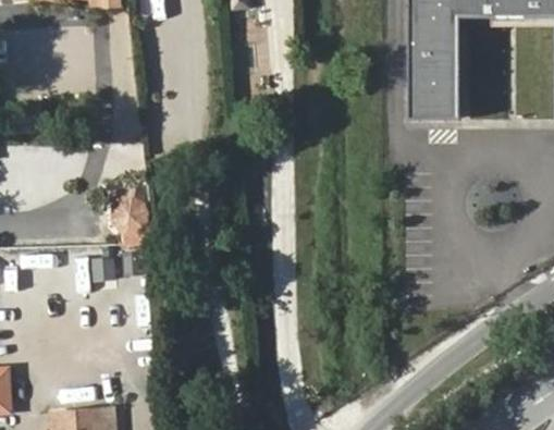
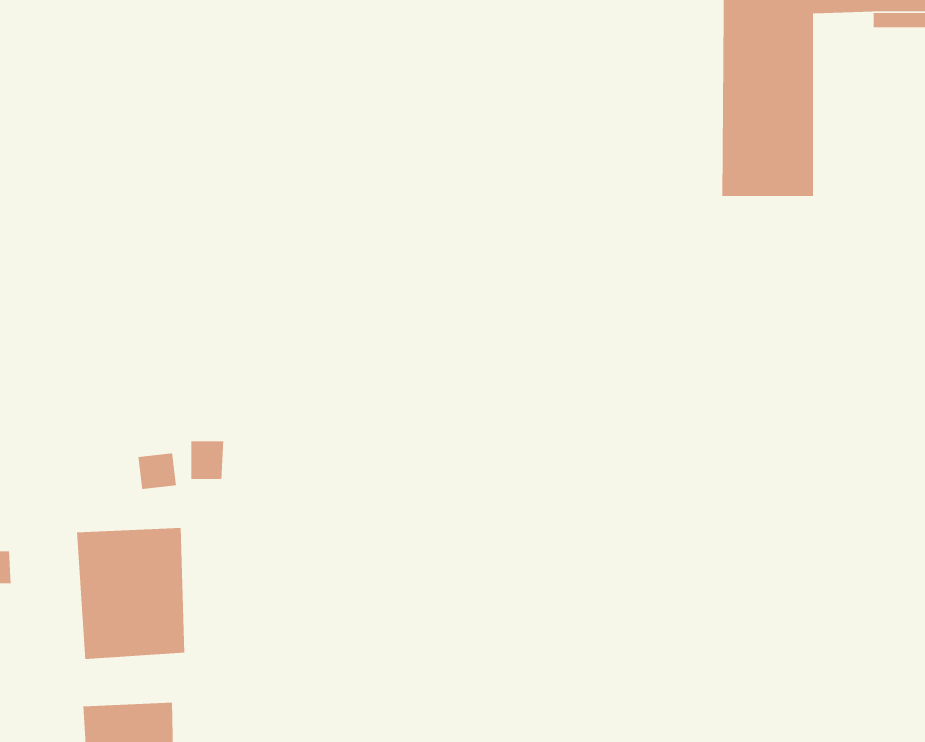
building: none -> [76,527,185,660]

